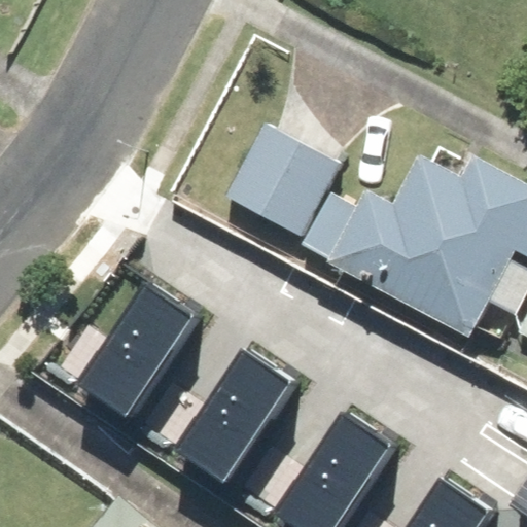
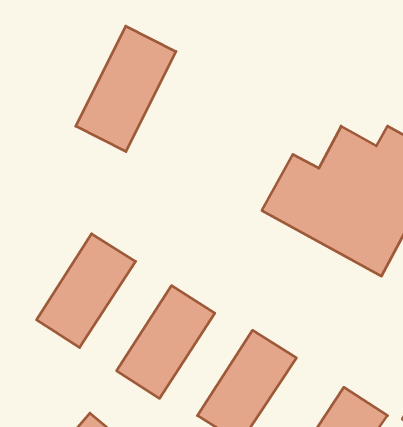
building: none -> [76,26,176,152]
building: [232,128,351,245] -> none

